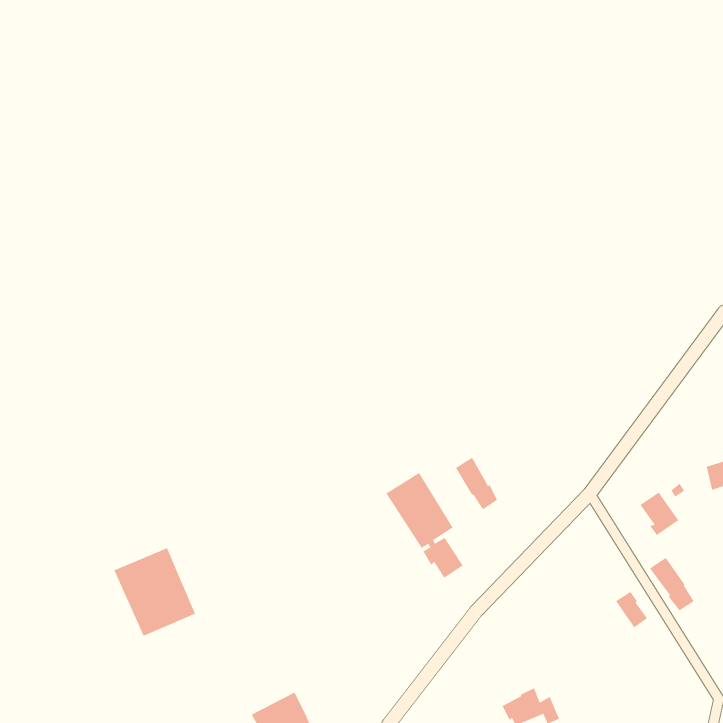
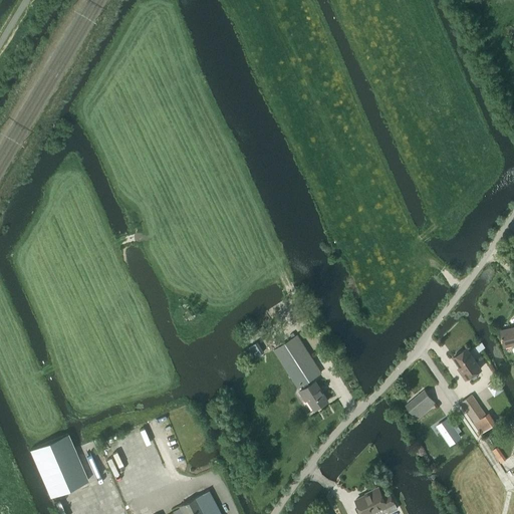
building: [455,457,498,510] -> none
building: [114,547,196,637] -> [30,435,88,498]
building: none -> [407,391,437,421]

